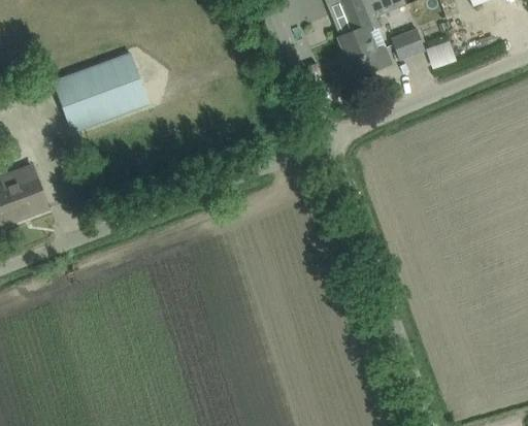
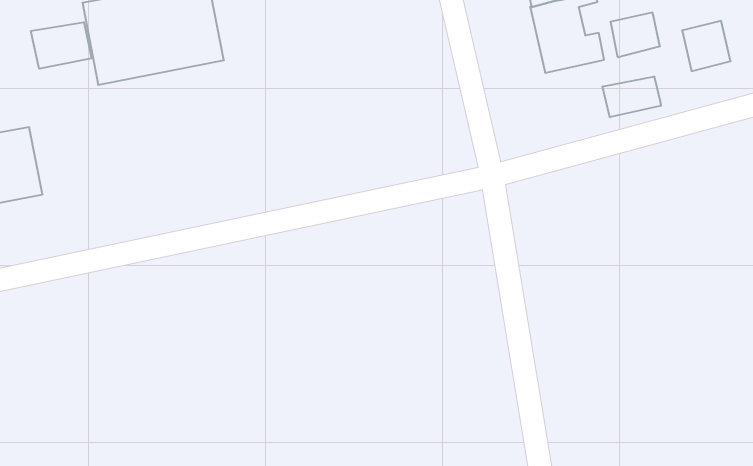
building: none -> [602,76,661,117]
building: none -> [31,22,91,69]

